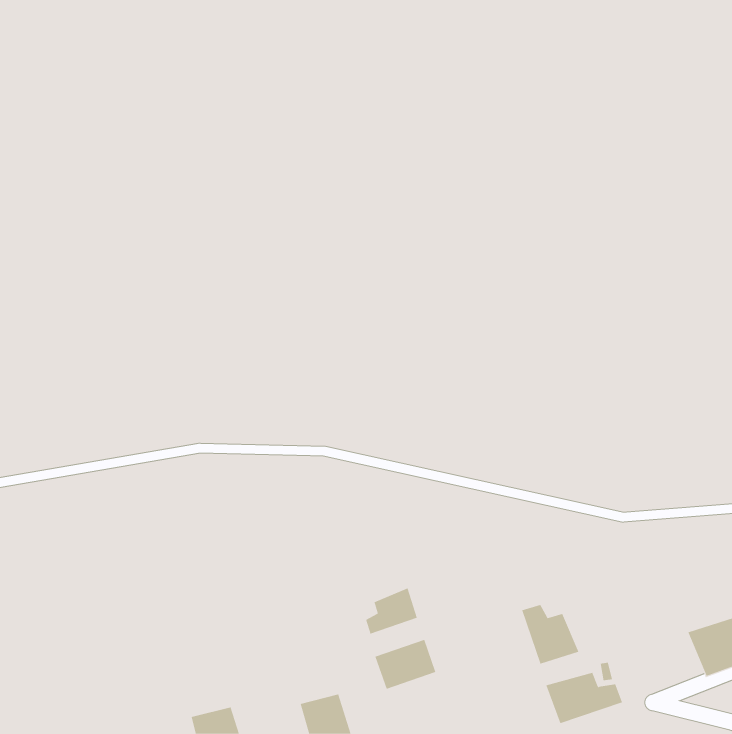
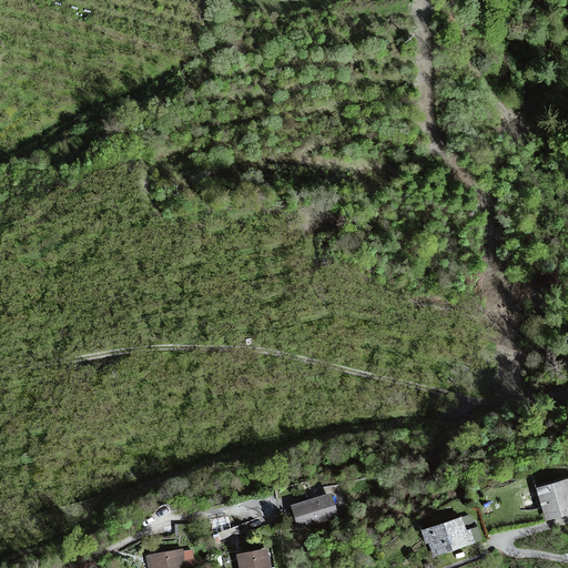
building: [366,588,418,635] -> none
building: [522,604,579,665] -> none

